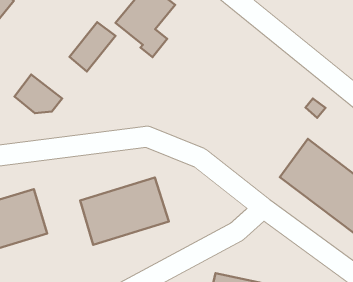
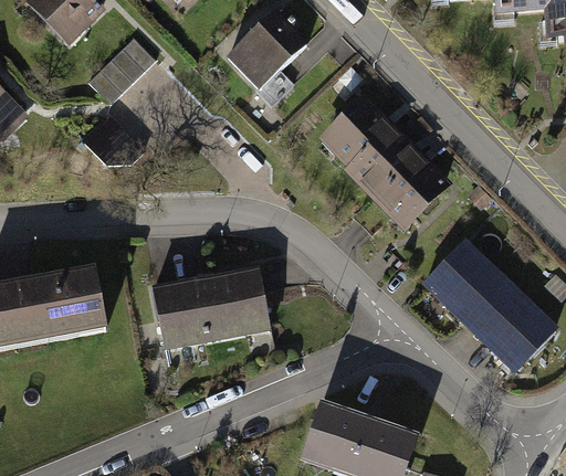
building: [69,22,115,71] -> [90,40,154,104]
building: none -> [318,97,449,228]

